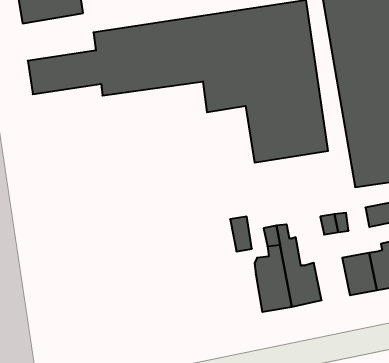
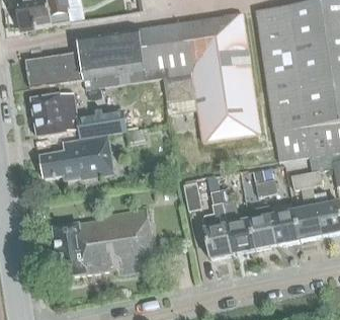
building: none -> [30,92,125,136]
building: none -> [39,136,112,178]
building: none -> [247,205,277,248]
building: none -> [52,208,154,276]

